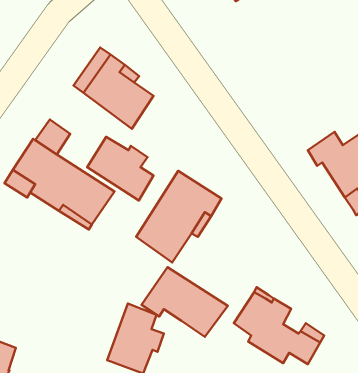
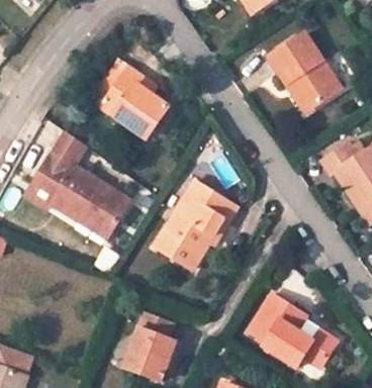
building: none -> [268,33,338,107]
building: [87,137,154,200] -> none
building: [141,267,228,337] -> none

